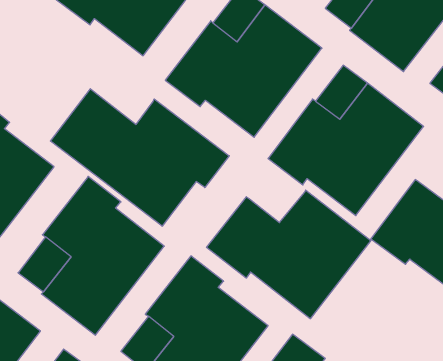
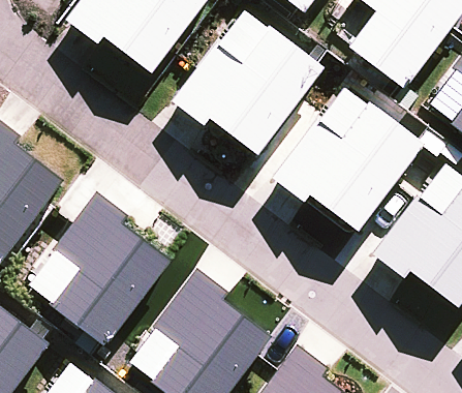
building: [50,89,229,226] -> none
building: [207,190,371,319] -> none

